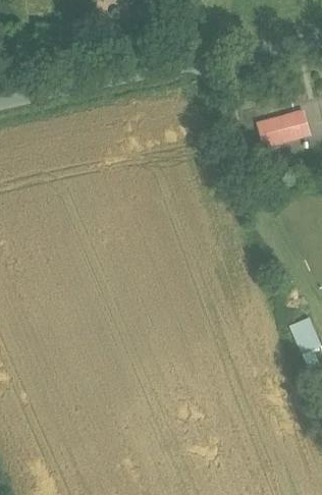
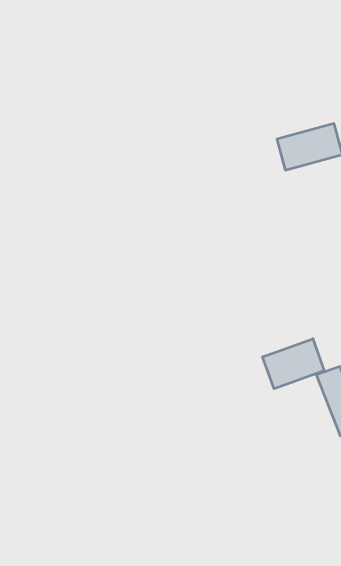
building: none -> [263,339,324,389]

